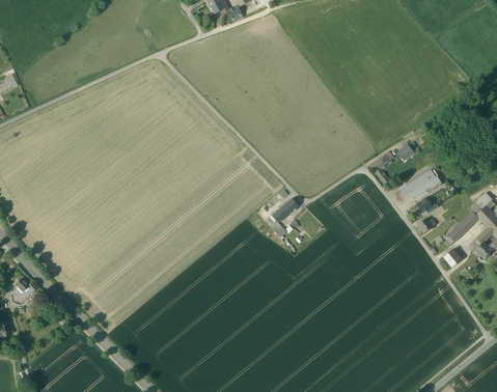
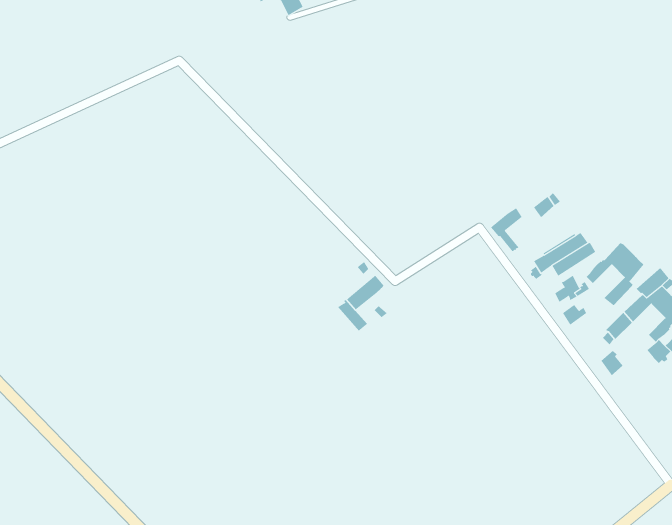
building: none -> [586,242,644,306]

